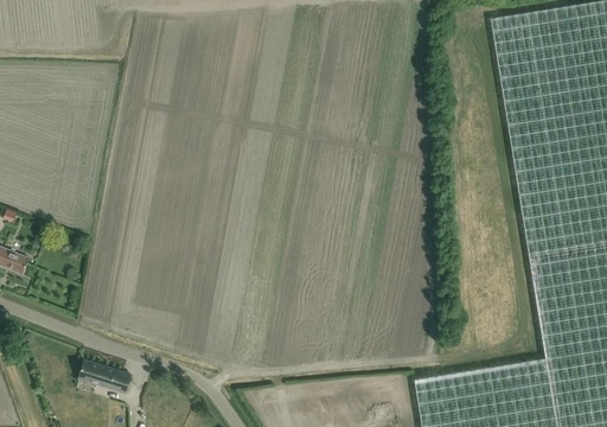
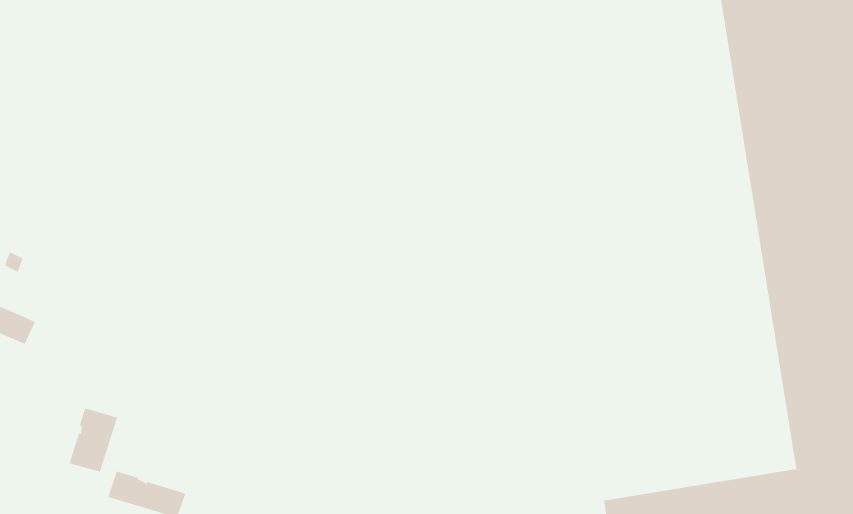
building: none -> [69,408,118,473]

